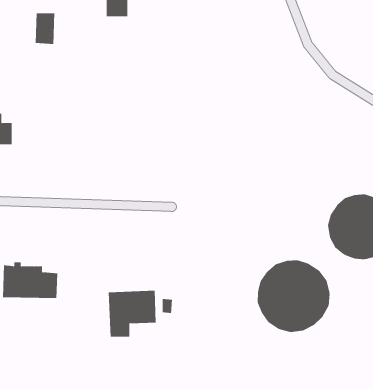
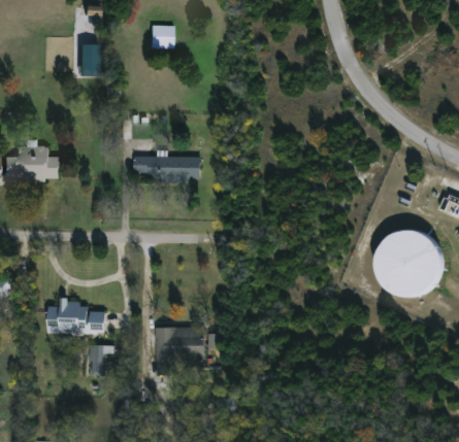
building: none -> [133,156,199,179]
building: [257,259,330,333] -> none
building: none -> [90,345,113,376]

